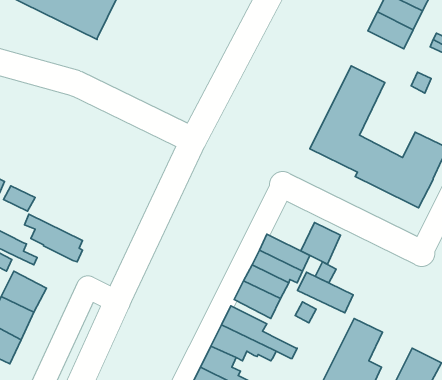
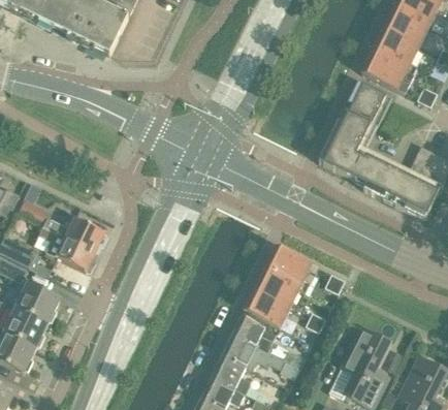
building: none -> [361,46,417,94]
building: none -> [42,218,108,252]
building: [301,223,340,264] -> none
building: [297,272,353,313] -> none

